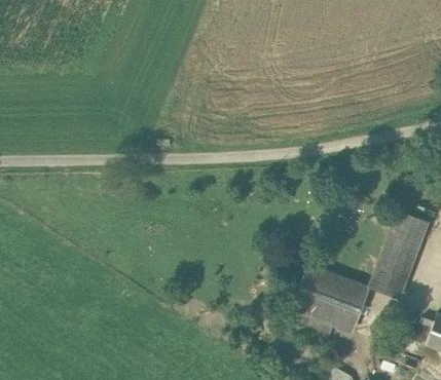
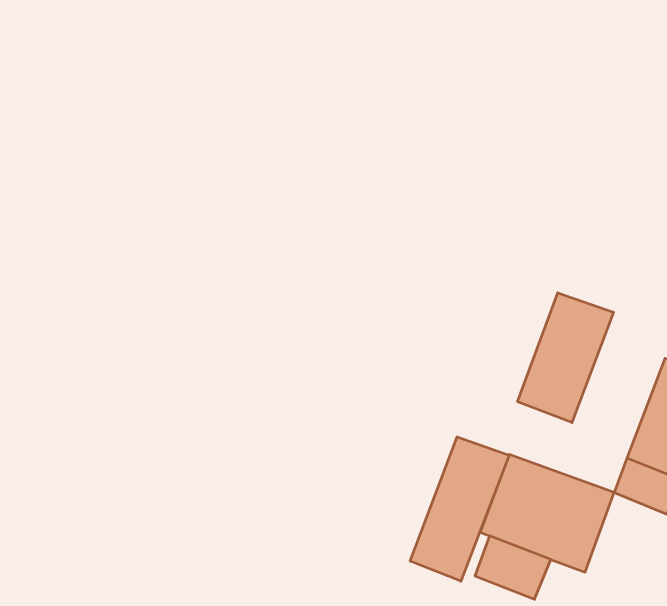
building: none -> [518,293,613,423]
building: none -> [410,437,509,581]

